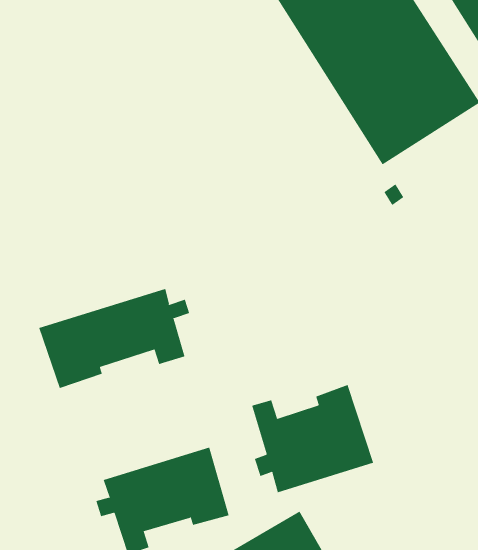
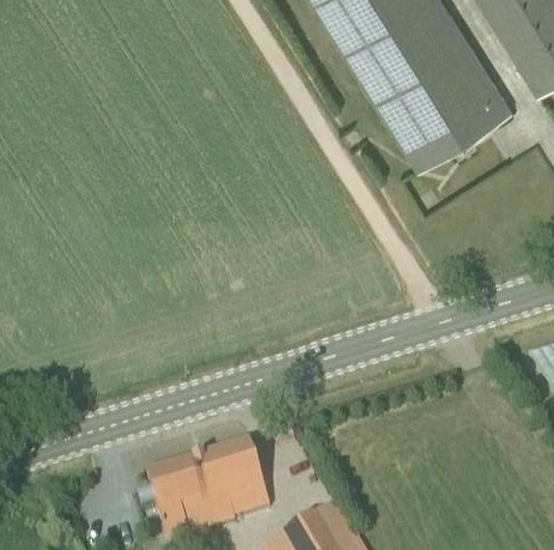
building: [39,288,190,389] -> none
building: [251,384,374,493] -> none

